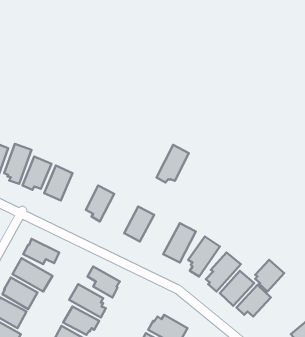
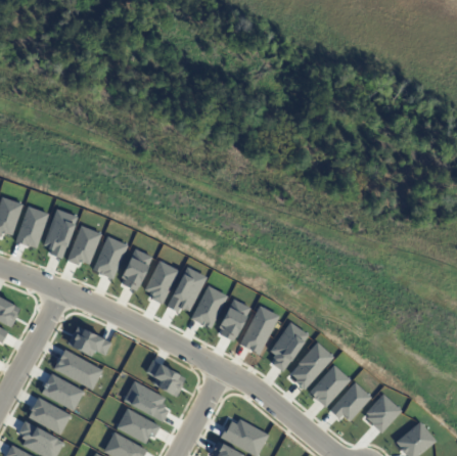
building: [156,145,189,182] -> [167,266,207,312]
building: none -> [122,248,152,290]
building: none -> [219,299,250,340]
building: [255,260,284,291] -> [366,394,402,432]

